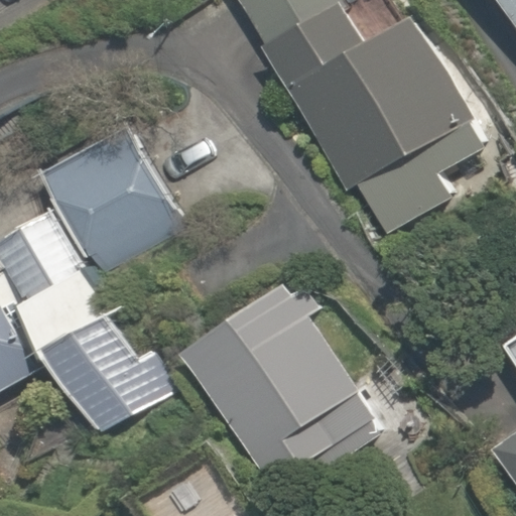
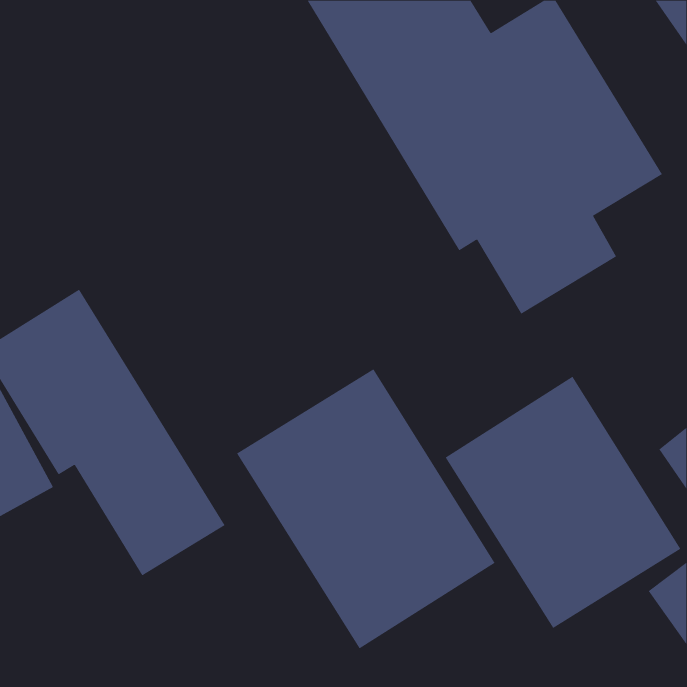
building: [45,125,187,279] -> none
building: none -> [445,376,681,629]

